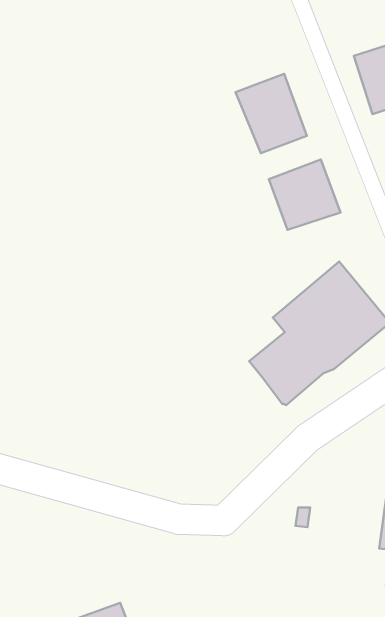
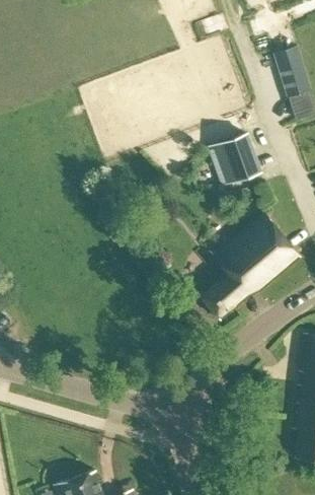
building: [235,74,307,153] -> none

